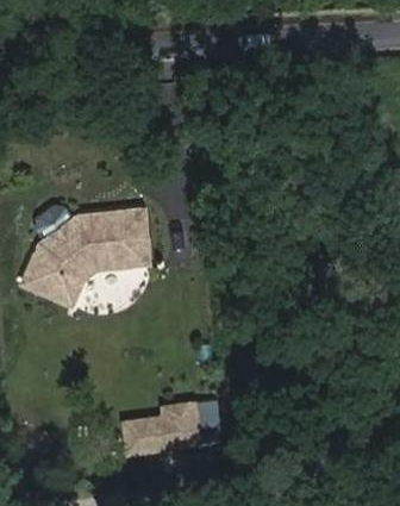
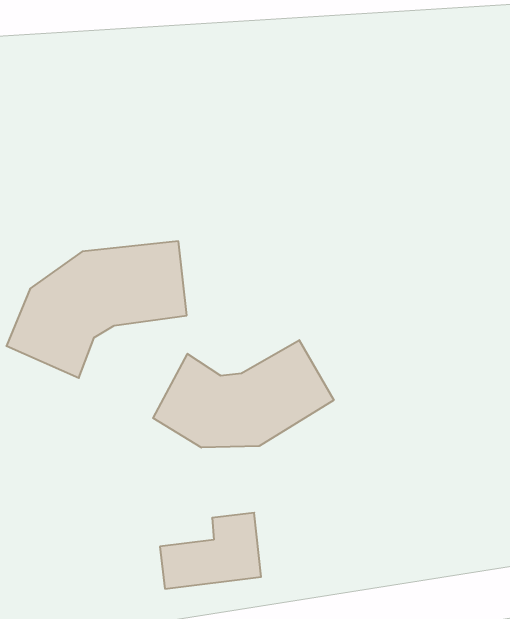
building: none -> [153,340,334,448]

